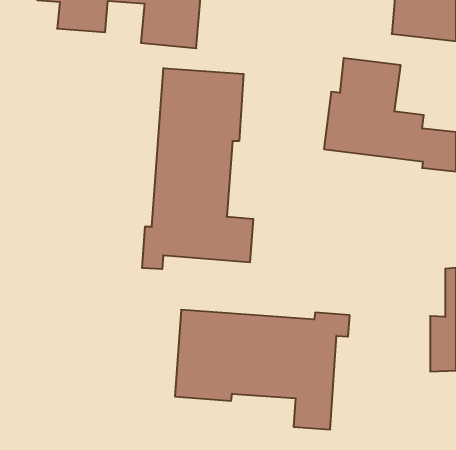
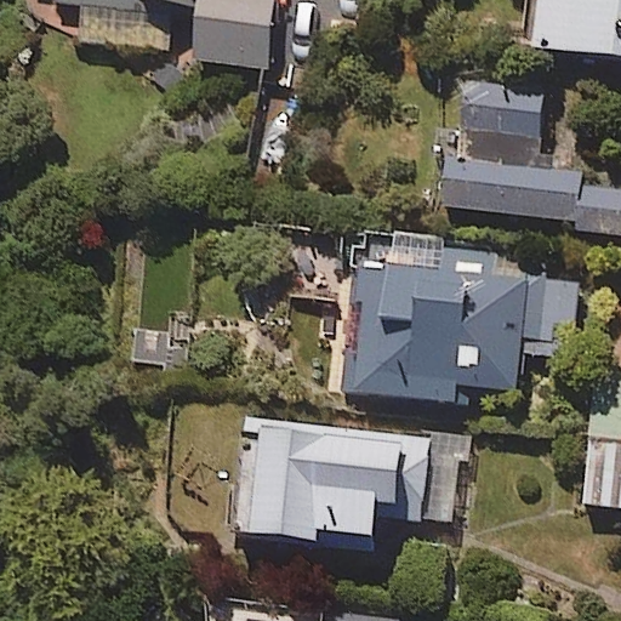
building: [142,68,253,269] -> none
building: none -> [355,264,576,400]

